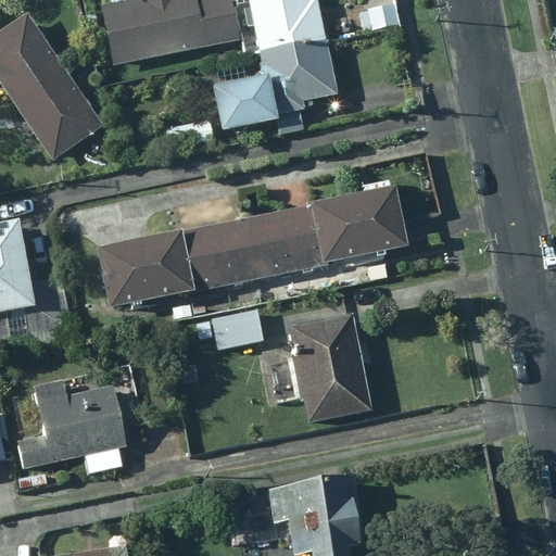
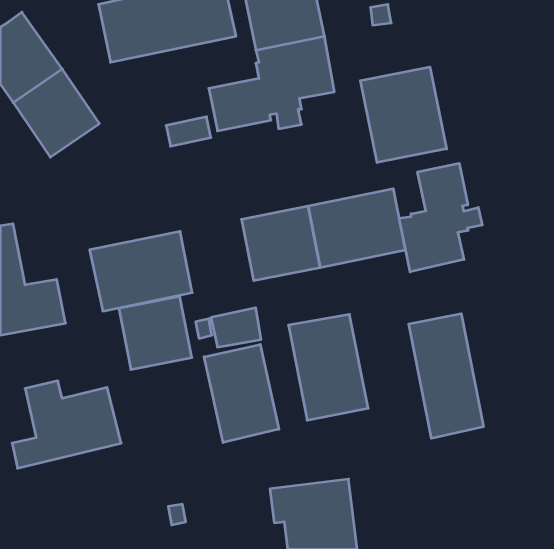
building: none -> [360,67,447,163]
building: none -> [399,163,482,272]
building: [184,218,256,291] -> [119,296,192,370]
building: none -> [409,314,483,438]
building: none -> [204,344,279,443]

